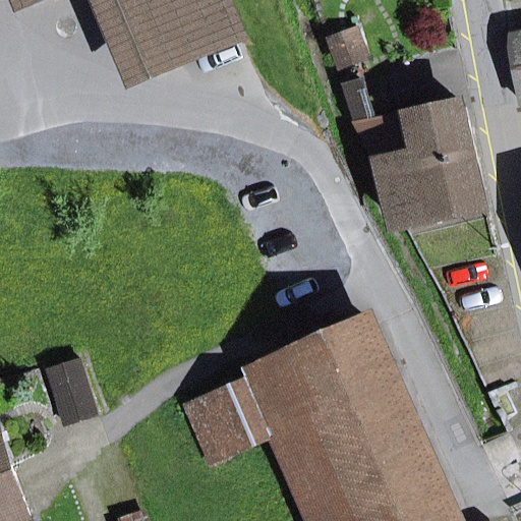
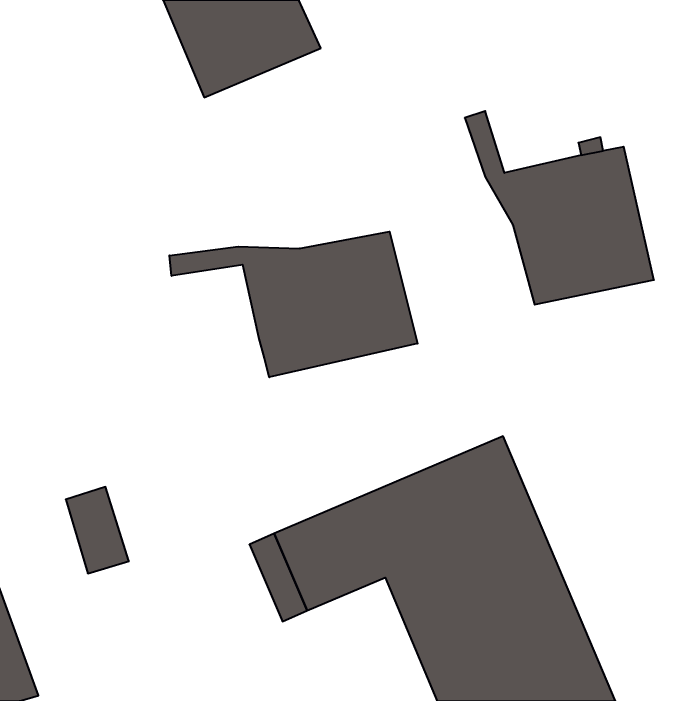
building: none -> [169,232,418,377]

